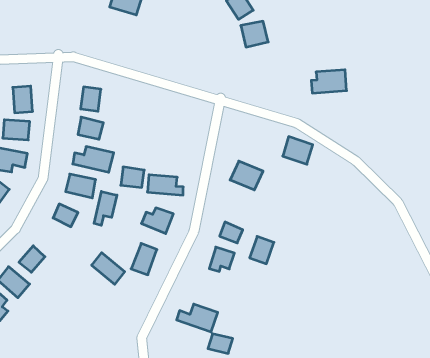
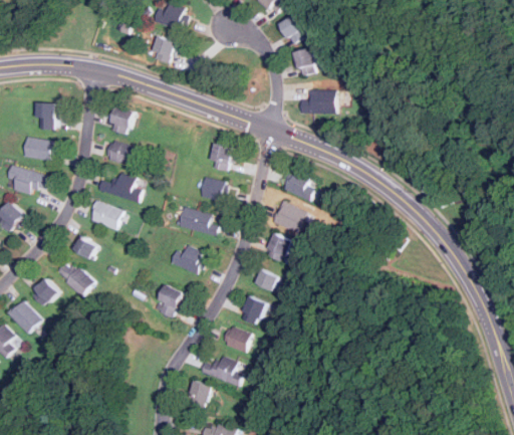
building: none -> [152,35,178,64]
building: [311,70,347,93] -> [299,90,337,114]
building: none -> [209,142,236,172]
building: [283,137,313,164] -> [282,169,316,201]
building: [121,167,144,187] -> [199,177,226,201]
building: [94,191,117,225] -> none
building: [250,236,274,264] -> [264,232,292,263]
building: [92,253,125,284] -> [55,260,91,296]
building: none -> [224,327,251,353]
building: [208,334,233,353] -> [187,380,215,403]

